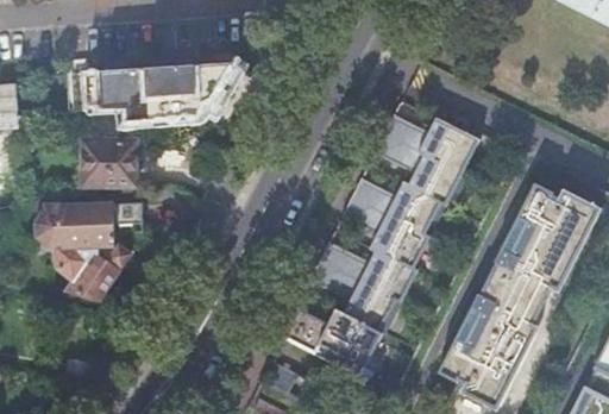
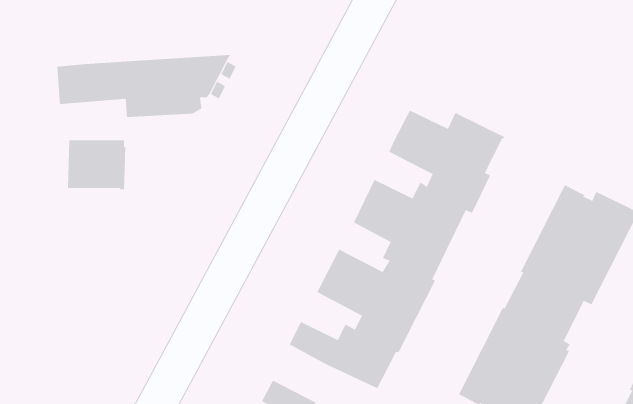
building: [32,203,144,297] -> none

